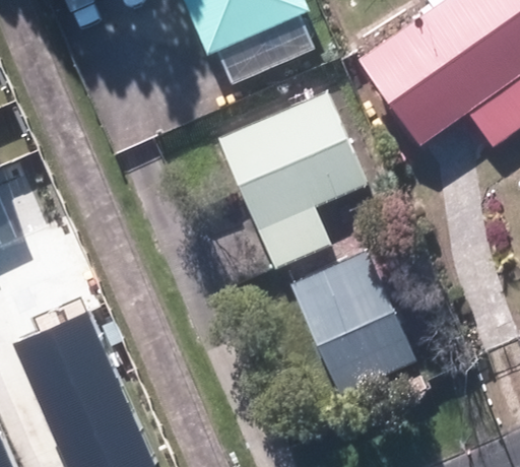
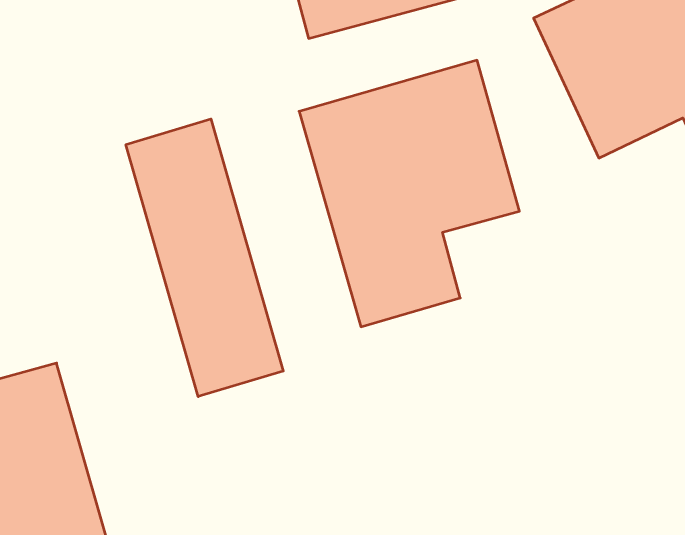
building: none -> [126,119,283,397]
building: [295,253,415,393] -> none

